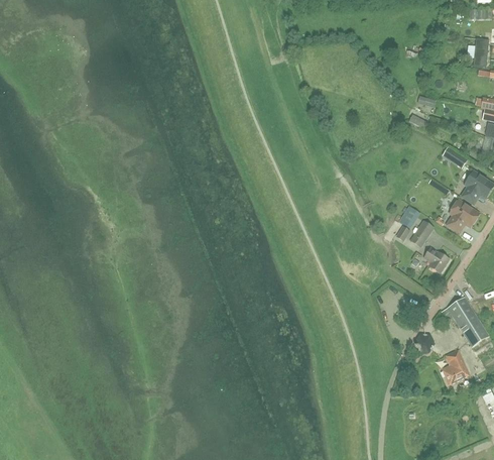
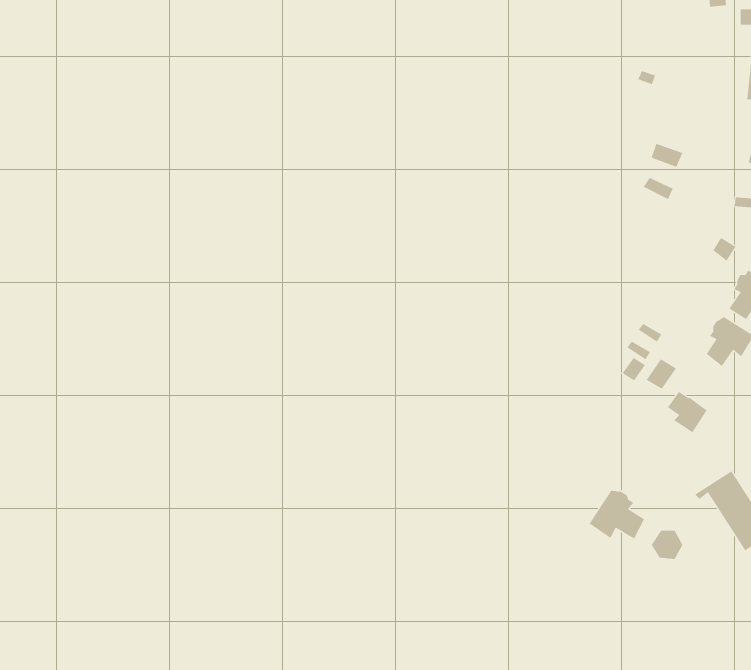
building: none -> [589,490,645,539]
building: [442,350,470,385] -> none

